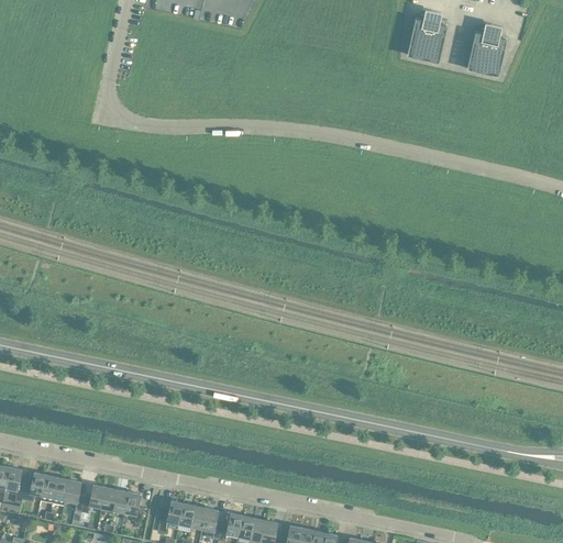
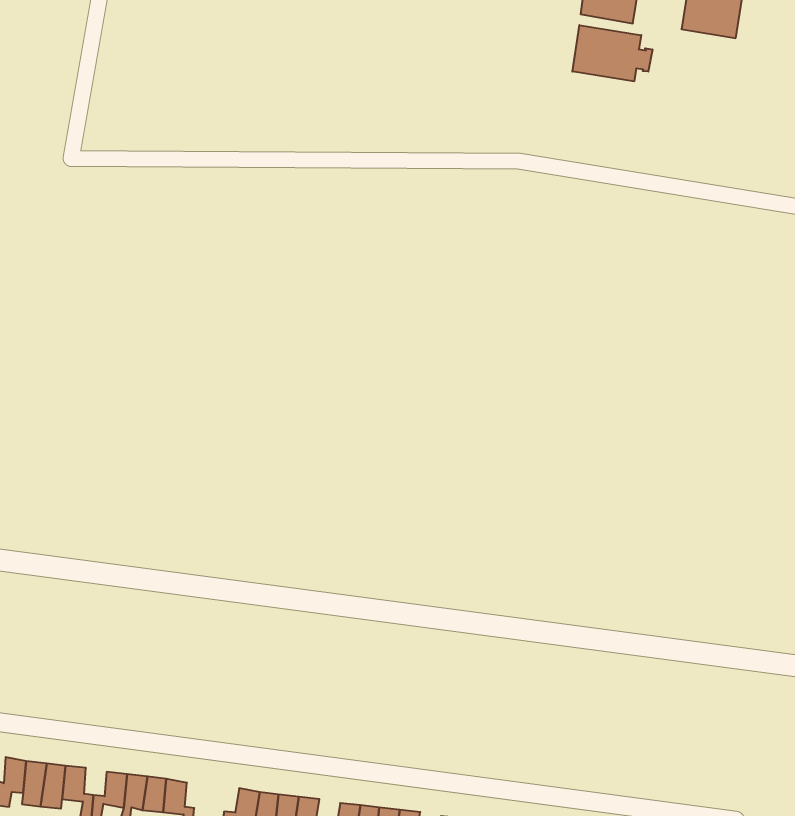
building: none -> [572,25,652,81]

